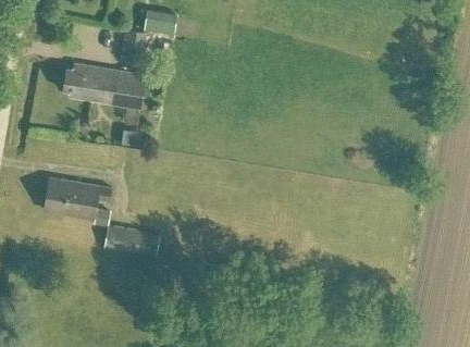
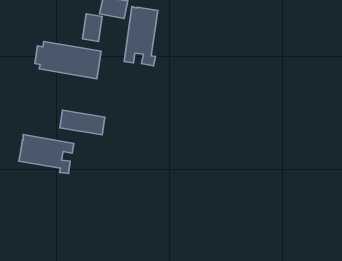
building: none -> [124,6,158,66]
building: [104,225,160,256] -> [60,110,105,135]

